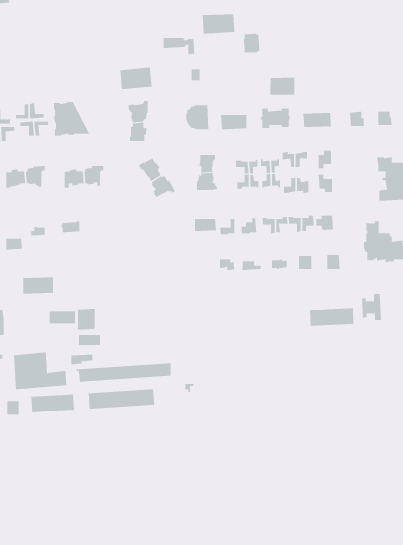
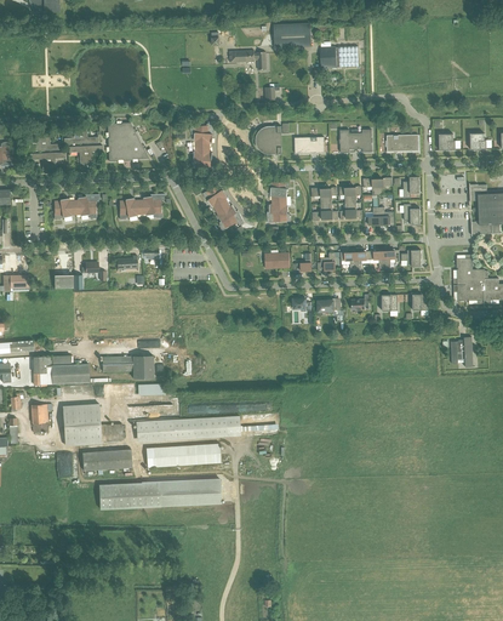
building: [120,66,152,90] -> none
building: [270,77,295,95] -> none
building: [22,277,54,294] -> [52,365,87,384]
building: [310,308,354,326] -> none
building: none -> [98,479,221,509]

